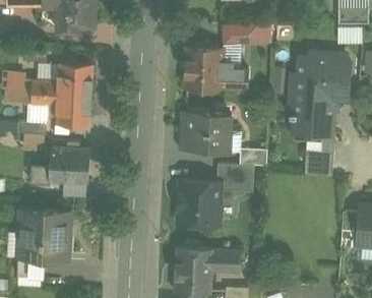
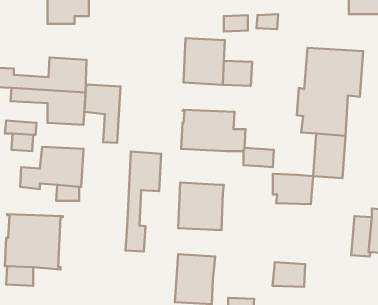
building: none -> [84,85,121,143]
building: none -> [126,152,161,252]
building: [216,163,254,191] -> [273,174,313,204]
building: [210,249,241,273] -> [273,262,305,287]

